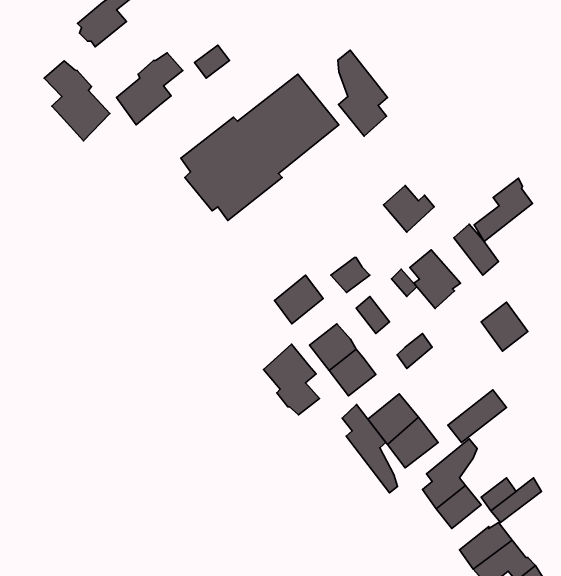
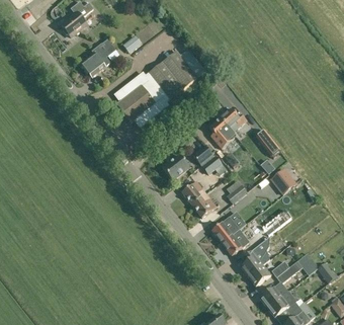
building: [338,50,387,136] -> none
building: [44,61,110,141] -> none
building: [474,178,533,242] -> none
building: [410,250,460,308] -> [209,118,236,149]
building: [264,344,319,415] -> none
building: [342,404,398,493] -> none

